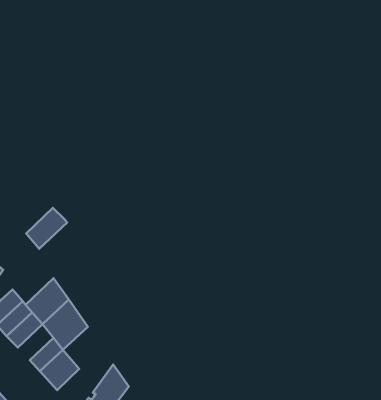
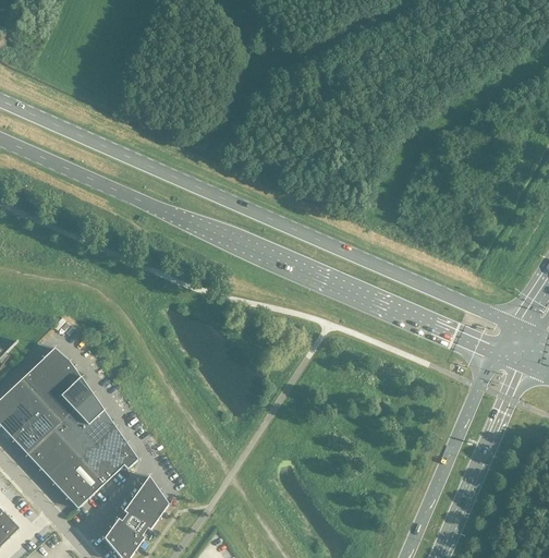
building: [26,208,67,249] -> [21,347,73,399]
building: none -> [27,424,73,470]
building: none -> [85,427,138,481]

